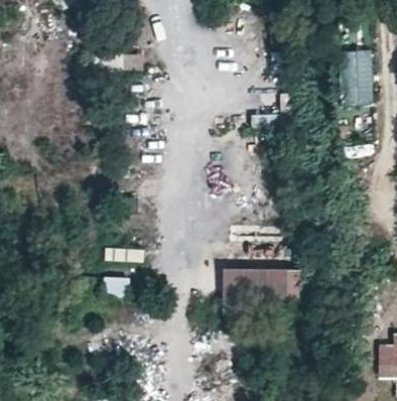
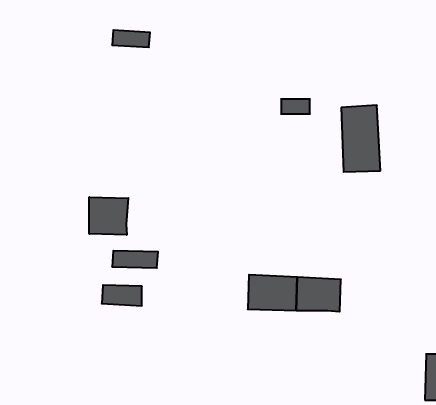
building: [339,47,373,106] -> [341,105,380,172]
building: none -> [89,197,128,235]

